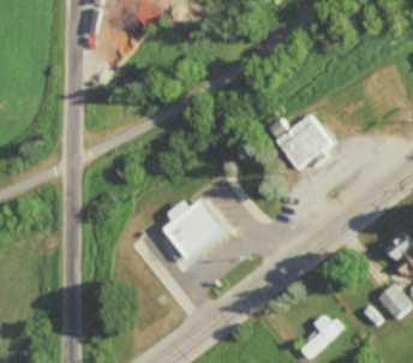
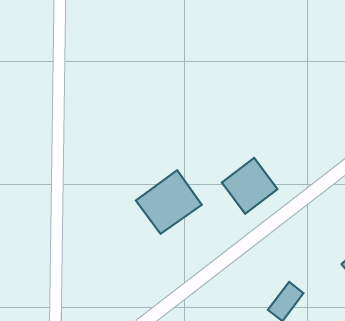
building: [275,113,335,173] -> [222,158,278,214]

